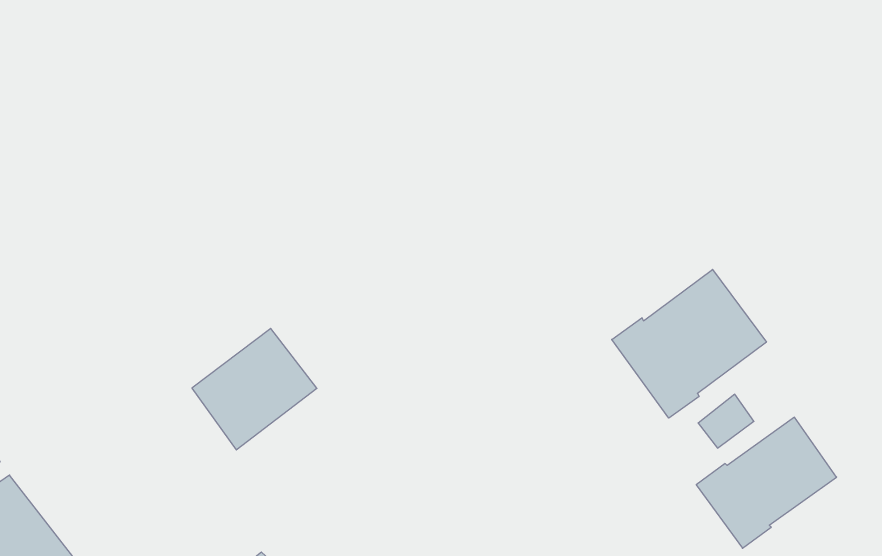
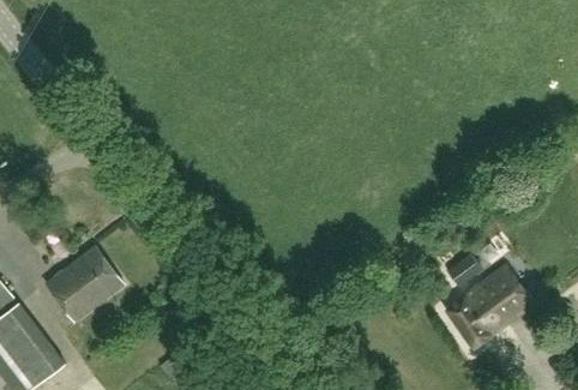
building: [612,269,766,418] -> none
building: [192,328,317,450] -> [46,246,124,322]

